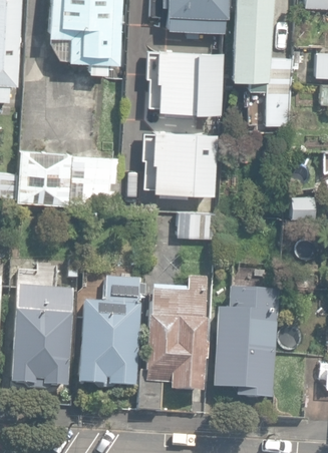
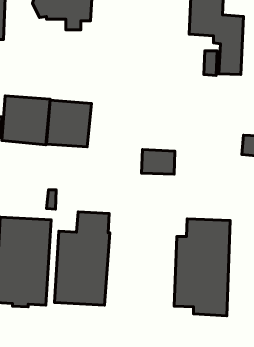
building: [153,50,222,118] -> none
building: [149,130,215,195] -> none
building: [137,280,207,414] -> none

